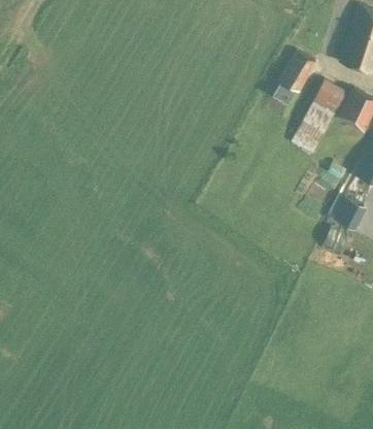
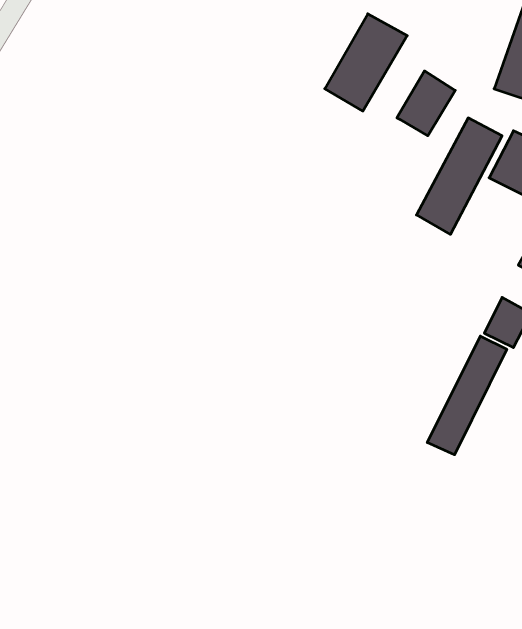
building: none -> [325,14,407,111]
building: none -> [427,336,507,455]

